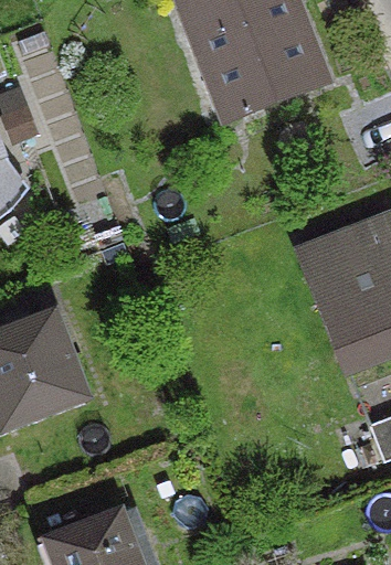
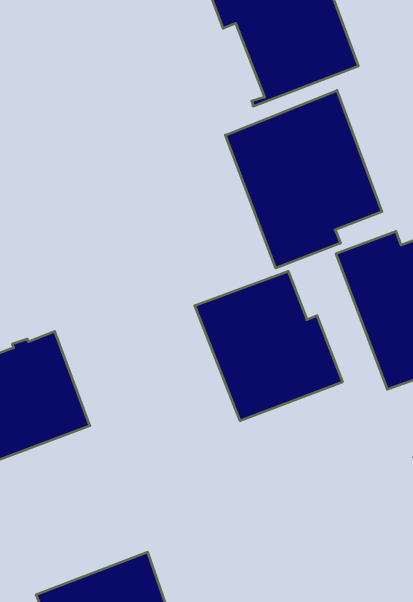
building: none -> [225,90,382,268]
building: none -> [195,271,342,421]

